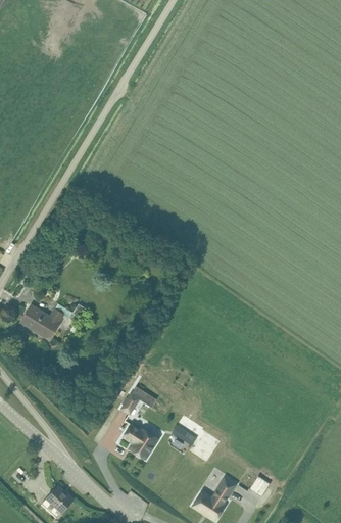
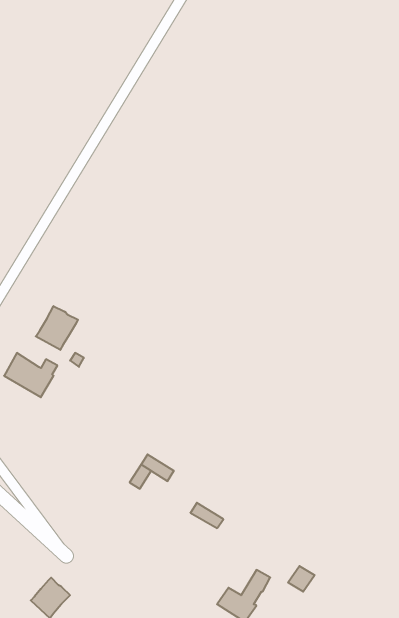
building: none -> [36,306,78,350]
building: [123,425,156,459] -> none

